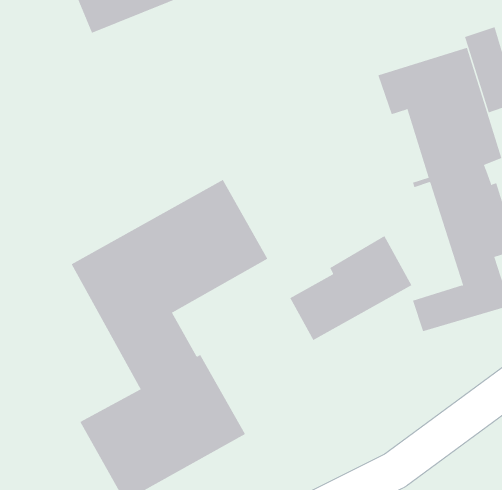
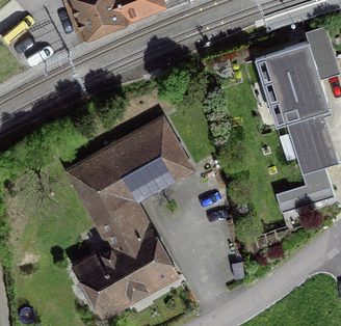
building: [290,235,412,341] -> none

